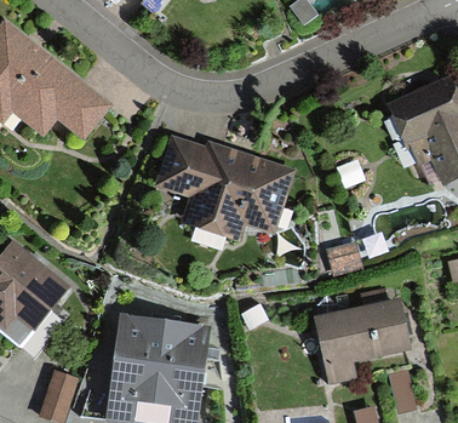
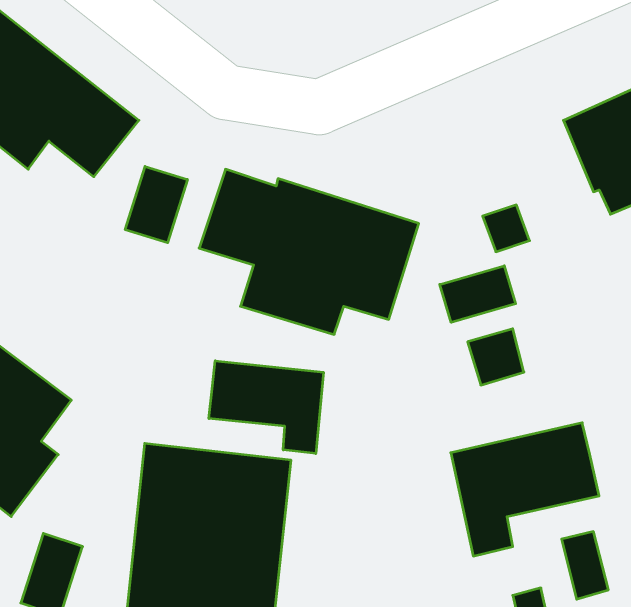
building: none -> [125,166,187,243]
building: none -> [440,266,516,322]
building: none -> [209,361,323,454]

